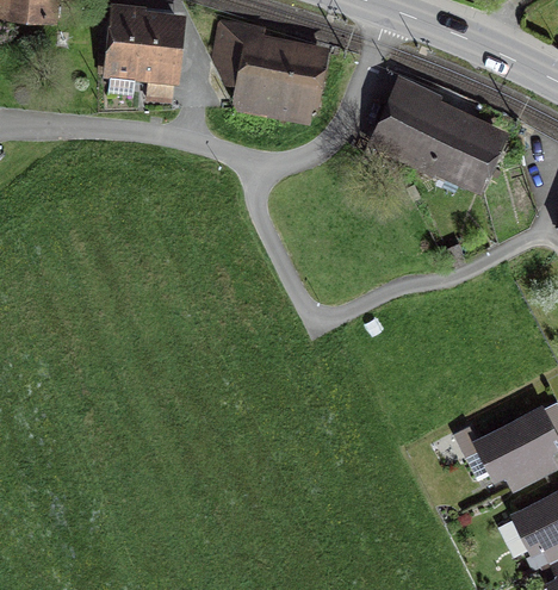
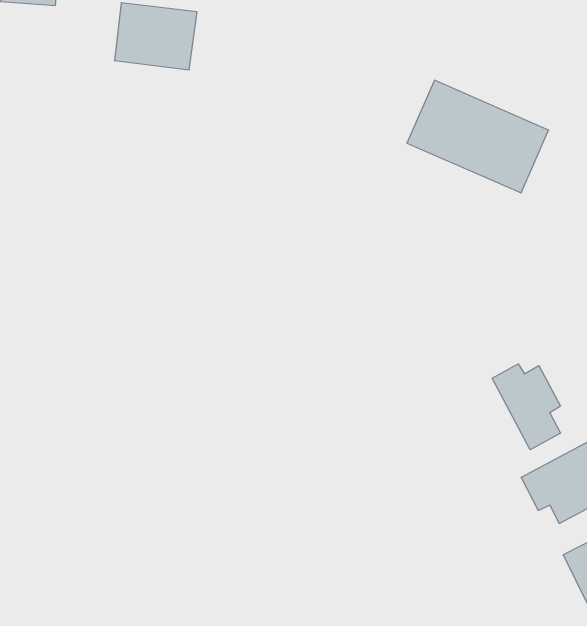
building: [211,32,327,111] -> none
building: none -> [492,364,561,450]

